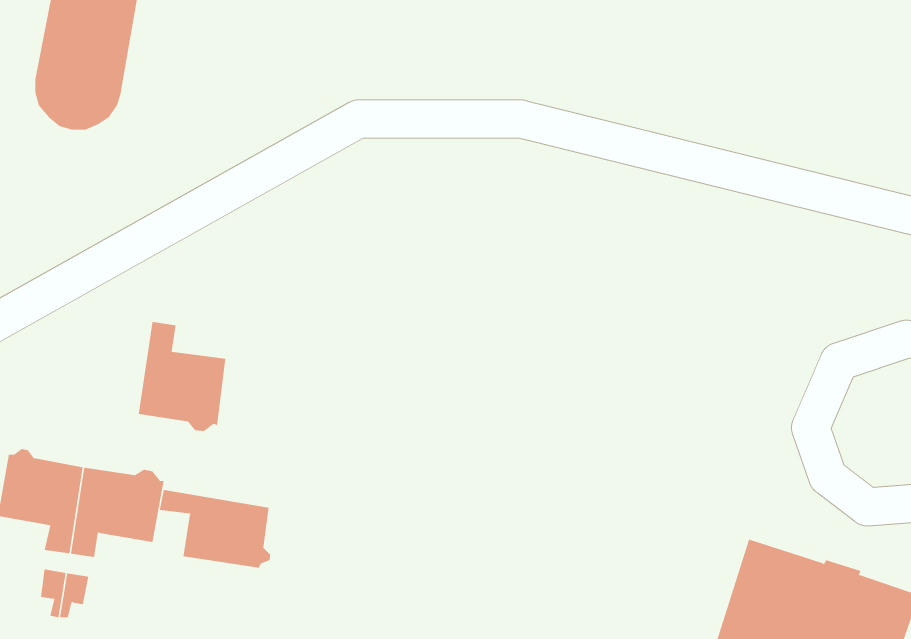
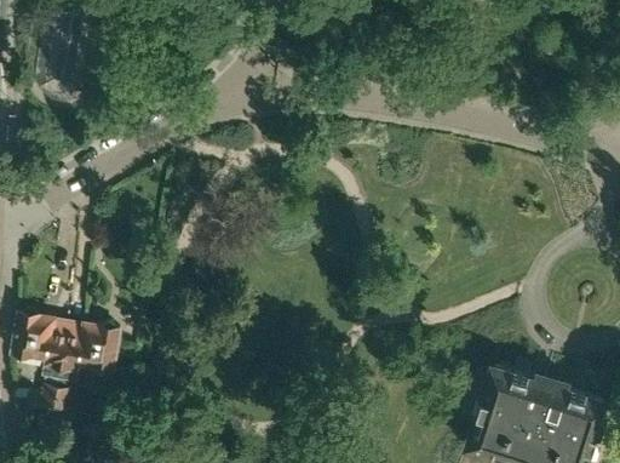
building: [138,321,226,432] -> none
building: [159,489,271,569] -> none

